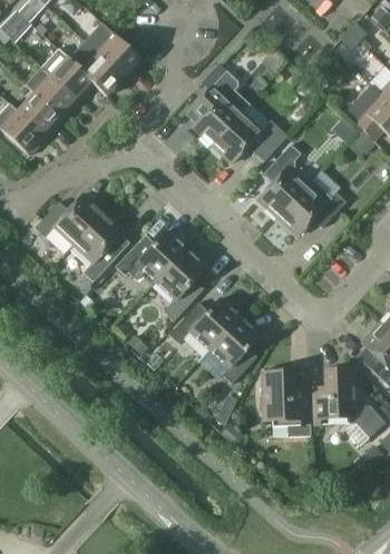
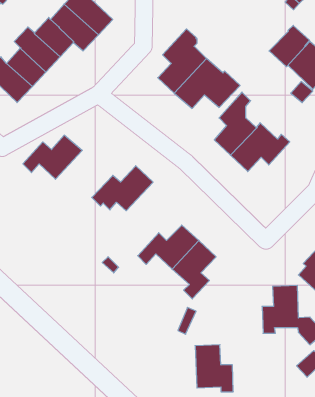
building: none -> [269,25,309,67]
building: [74,211,125,281] -> none
building: [156,248,207,320] -> none
building: [262,370,306,425] -> [195,345,233,392]

